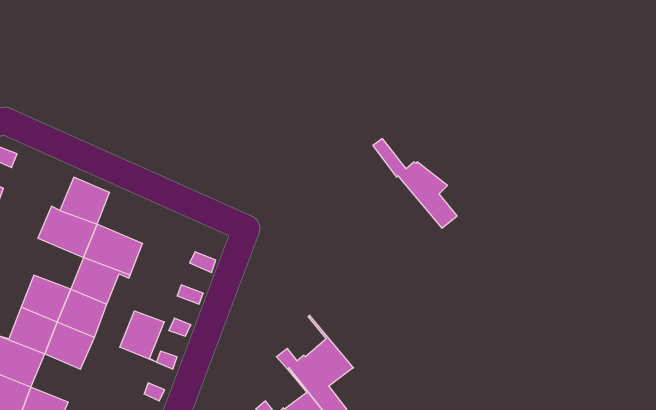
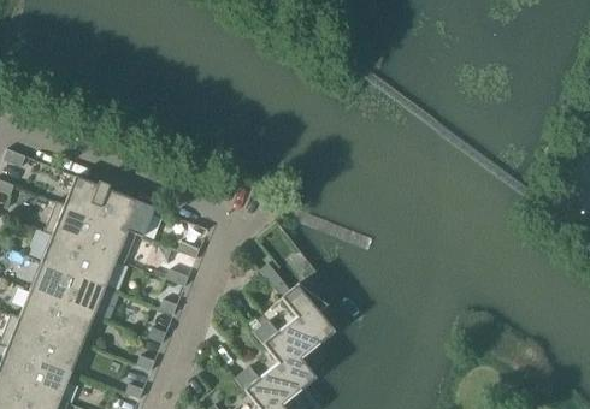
building: [373,139,457,228] -> [260,263,334,342]
building: none -> [96,189,148,233]
building: none -> [41,229,84,273]
building: [120,311,164,362] -> none
building: none -> [39,330,82,372]

